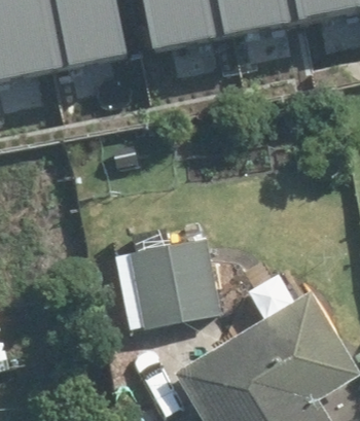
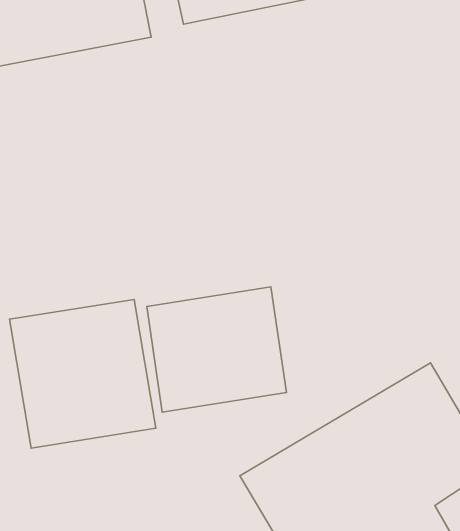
building: none -> [9,300,156,448]

